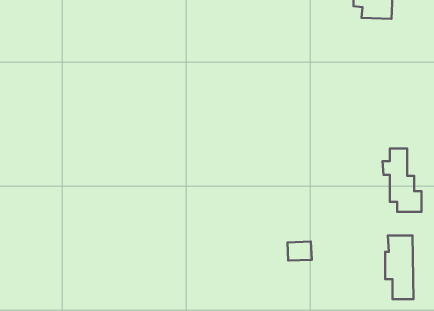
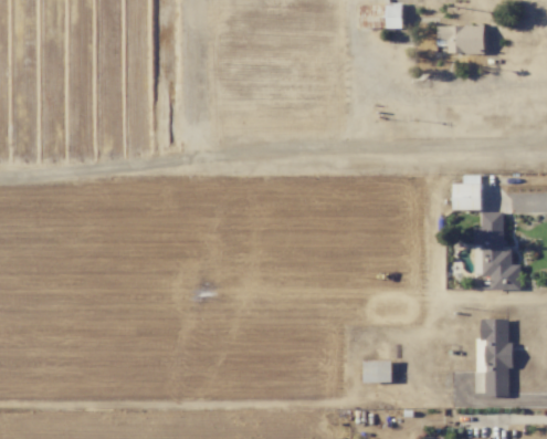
building: none -> [453,176,481,211]
building: [287,242,312,261] -> [362,360,392,384]

